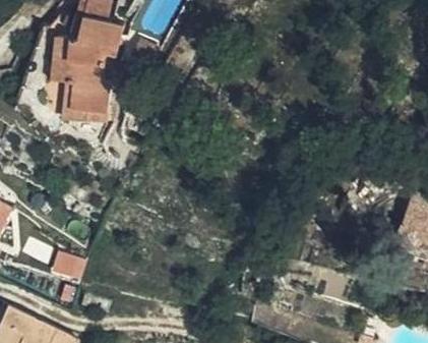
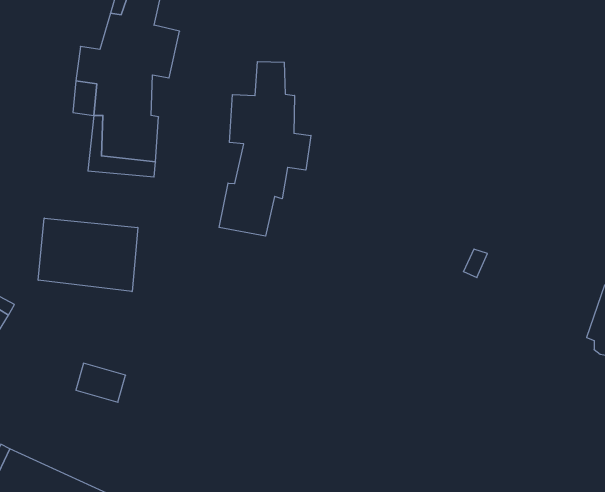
building: none -> [219,62,311,236]
building: none -> [38,218,138,292]

